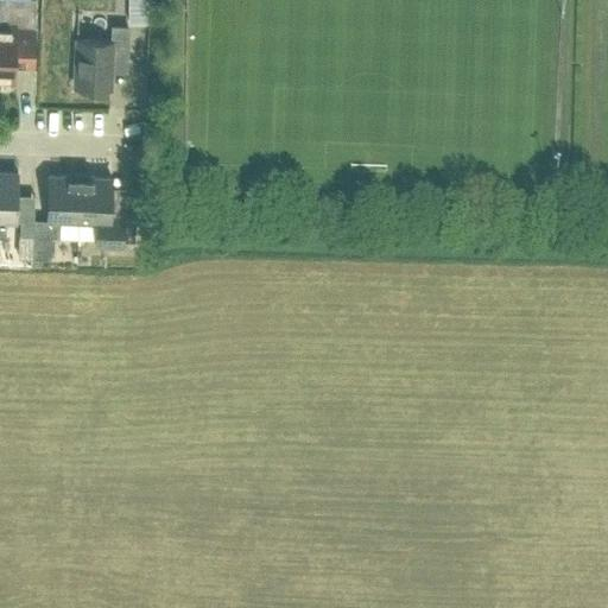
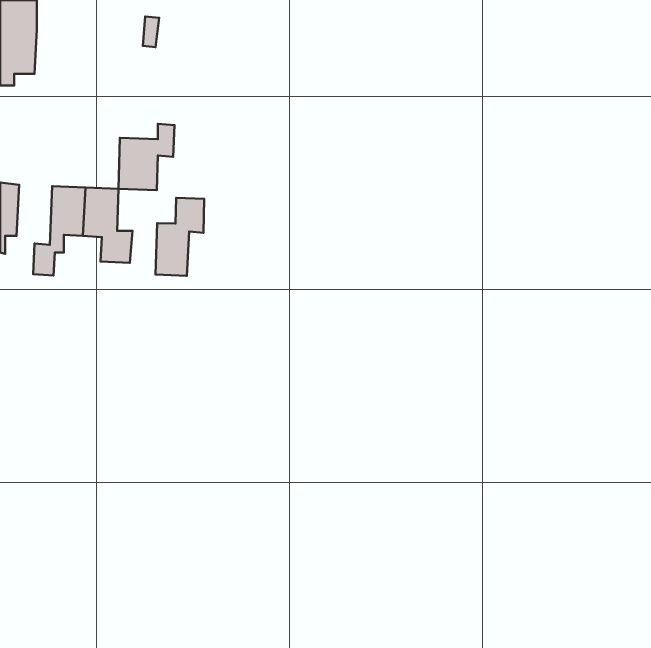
building: [75,28,127,90] -> [118,124,175,190]
building: none -> [156,198,204,276]

